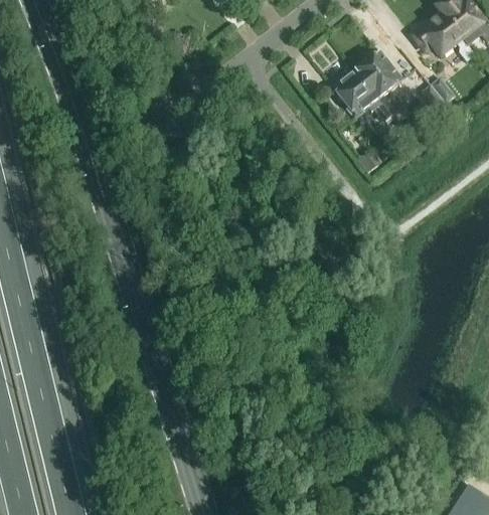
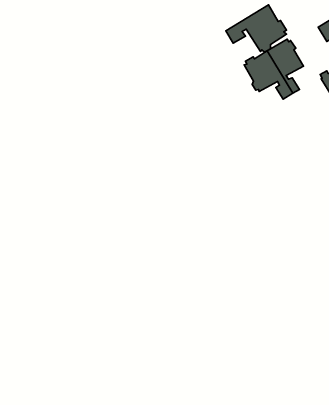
building: none -> [226,5,286,52]

